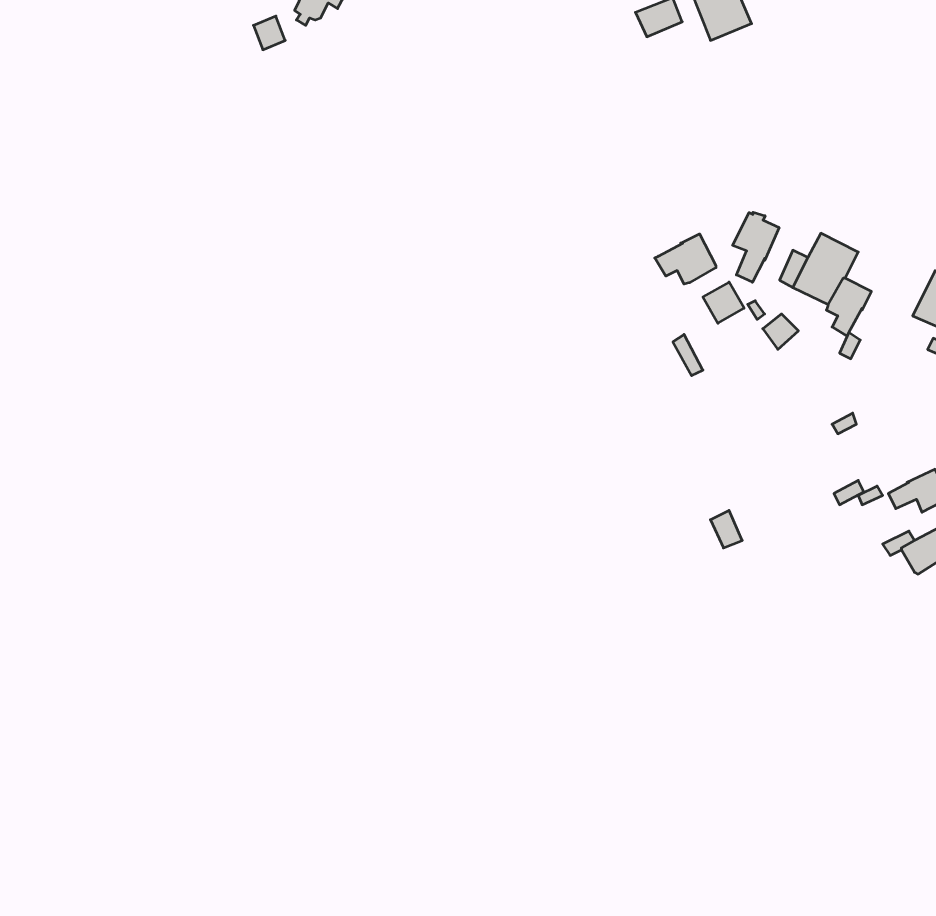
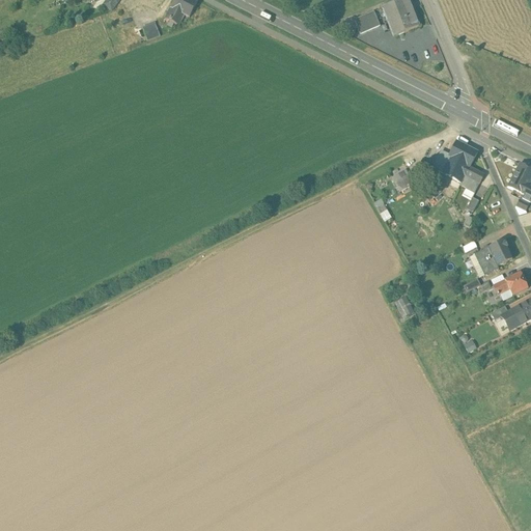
building: [733,212,779,282] -> none
building: [655,234,716,284] -> none
building: none -> [475,239,513,274]

